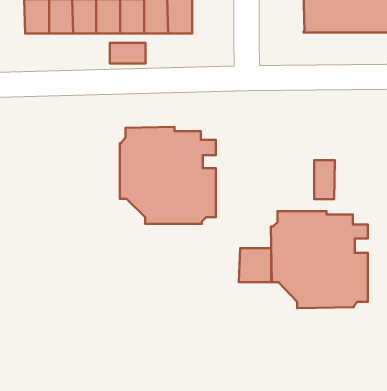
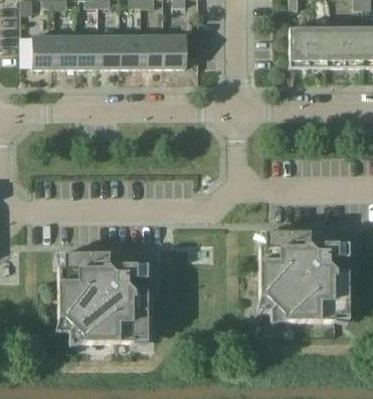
building: [110,43,145,64] -> none
building: [120,127,216,224] -> [58,252,147,342]
building: [314,160,335,199] -> none
building: [239,248,271,282] -> none

